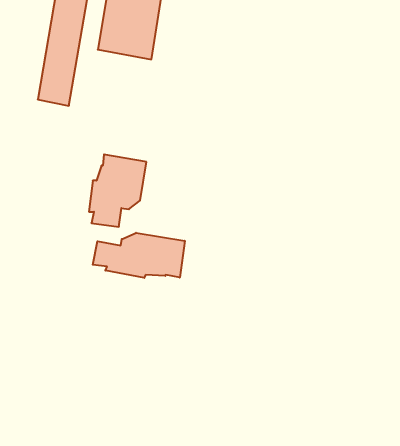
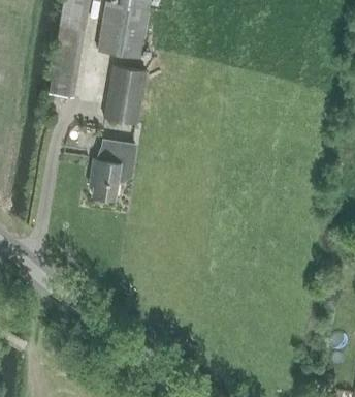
building: none -> [104,66,142,124]
building: [93,233,185,278] -> none

